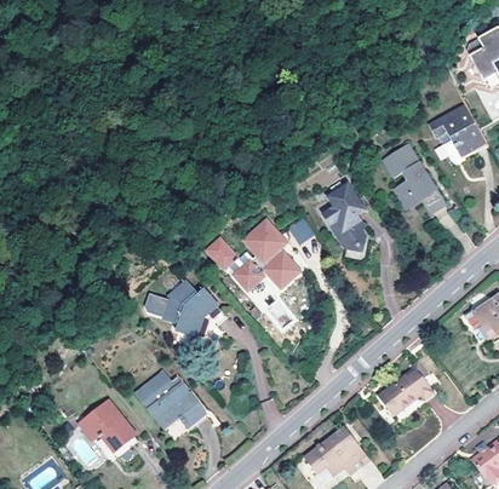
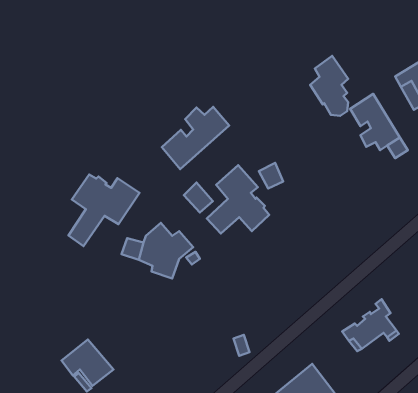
building: none -> [162,107,229,169]
building: [323,183,363,246] -> [310,56,348,116]
building: none -> [68,174,140,246]
building: [136,372,206,428] -> none

